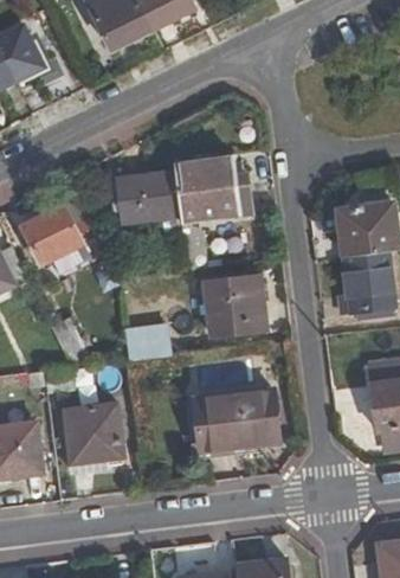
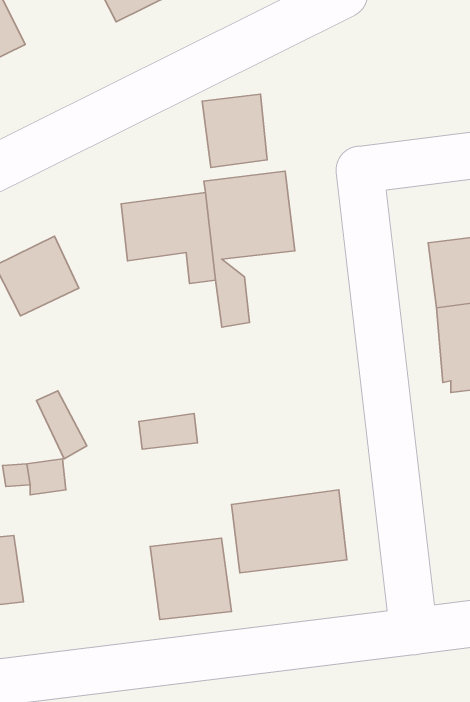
building: none -> [202,94,267,167]
building: [204,276,264,334] -> none
building: [64,403,123,462] -> [150,538,231,619]

